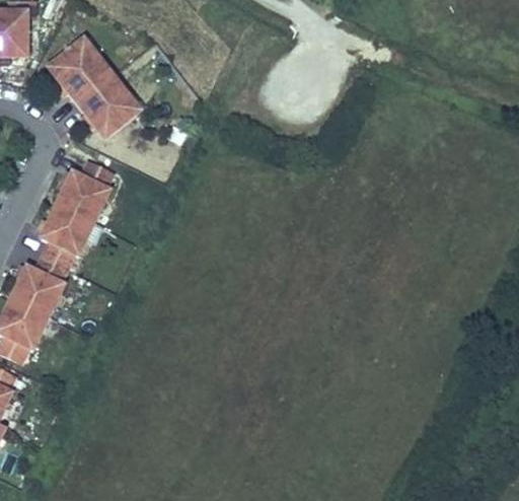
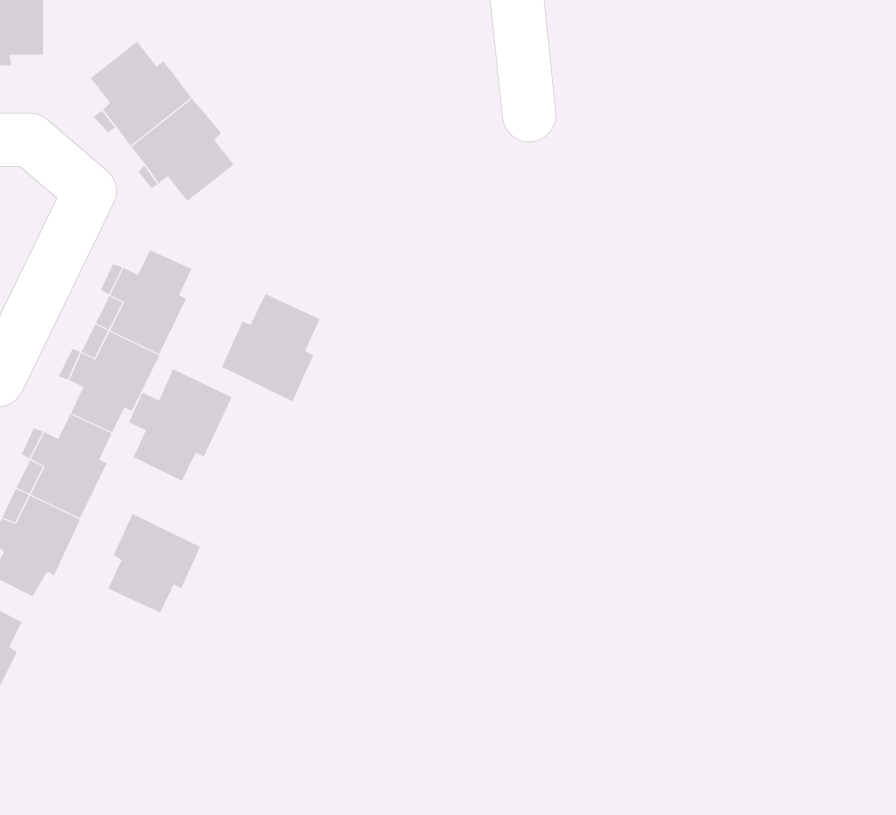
building: none -> [221,293,320,402]
building: none -> [128,369,233,482]
building: none -> [107,513,201,614]

